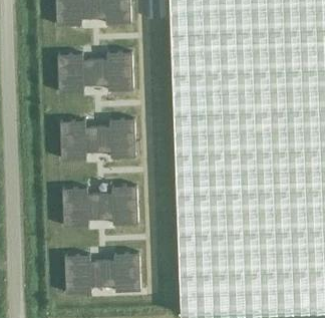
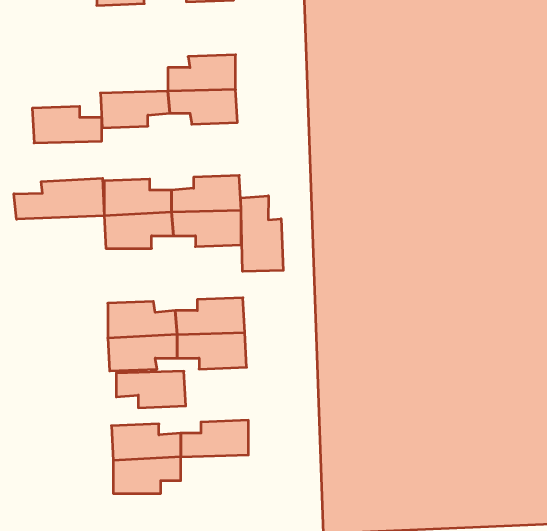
building: [58,53,96,73] -> [32,106,102,143]
building: none -> [14,178,104,219]
building: none -> [241,196,283,271]
building: [103,272,141,292] -> [116,371,186,408]

